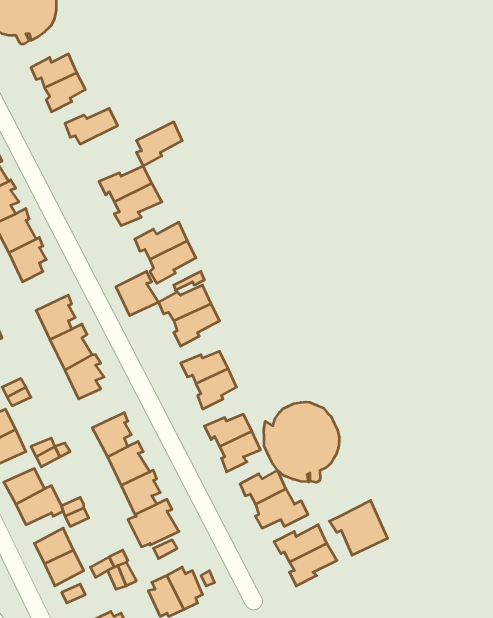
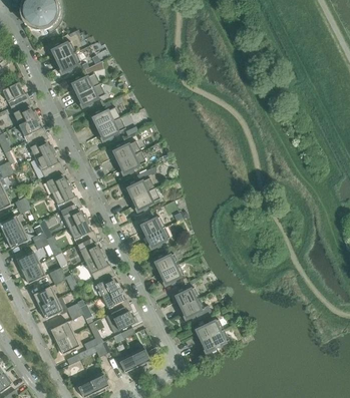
building: [136,122,182,166] -> [77,83,104,109]
building: [116,271,158,316] -> [43,166,68,192]
building: none -> [76,236,101,262]
building: [264,402,339,482] -> none
building: [329,500,388,555] -> none

